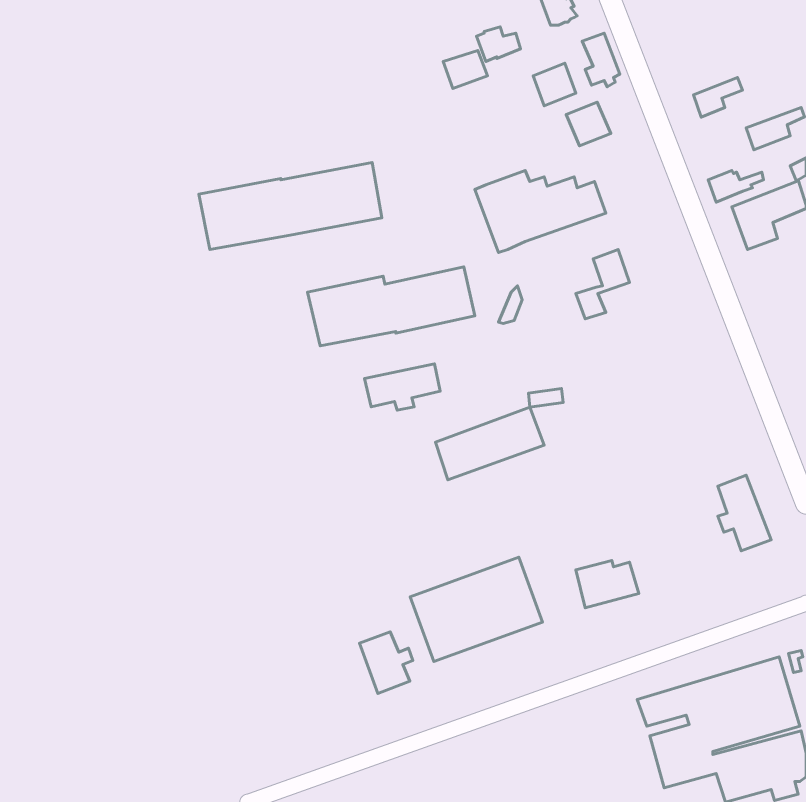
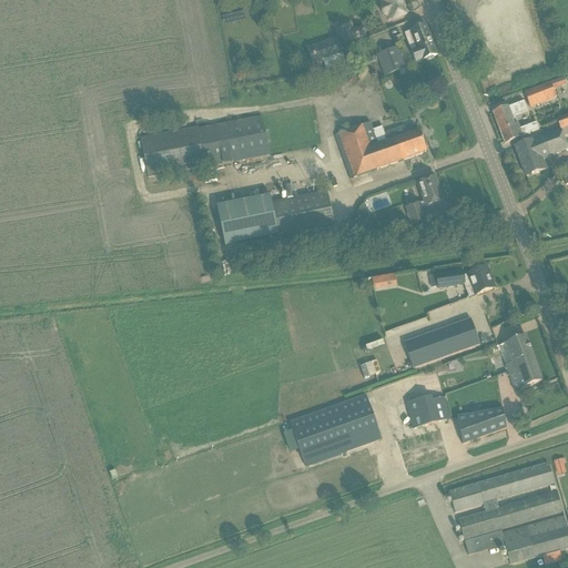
building: [693,78,742,117] -> [493,99,527,126]
building: [566,102,611,146] -> none
building: [365,364,440,410] -> none
building: none -> [429,265,491,293]
building: [435,407,544,480] -> [403,316,479,367]
building: none -> [457,407,506,443]
building: [360,632,413,693] -> none

